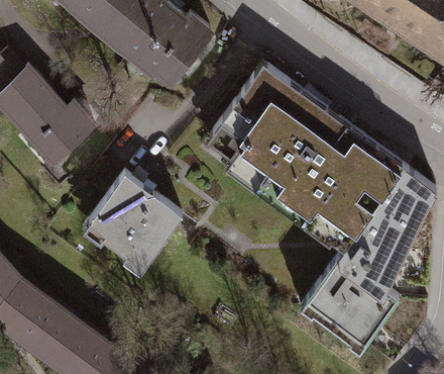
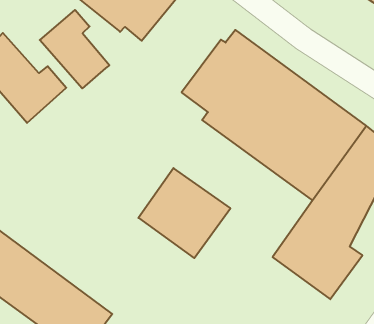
building: none -> [40,10,109,88]
building: [85,176,180,269] -> [138,168,230,258]

